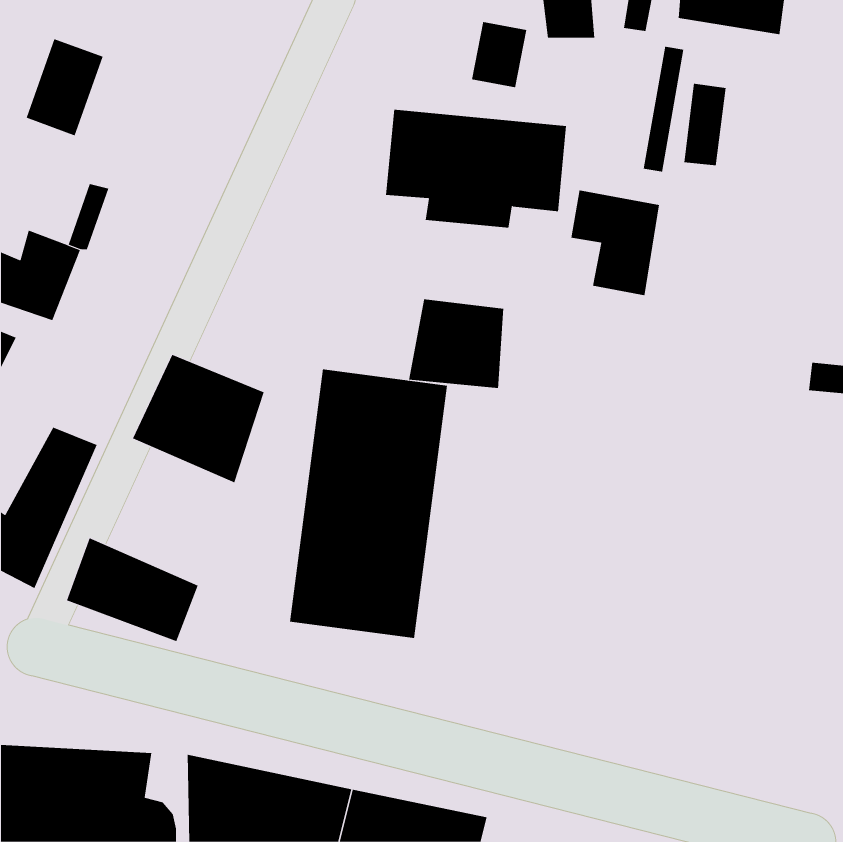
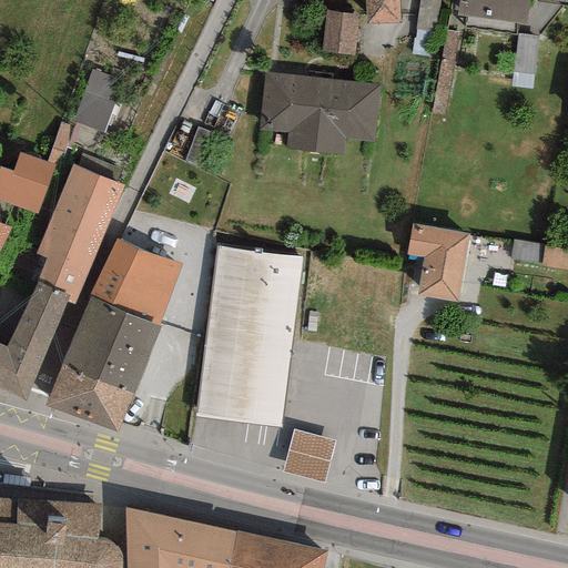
building: [26,38,103,136] -> [72,69,124,134]
building: [683,83,726,166] -> [510,33,539,89]
building: [571,190,660,296] -> [408,227,468,298]
building: none -> [37,166,125,302]
building: [409,298,504,389] -> none
building: none -> [61,294,161,393]
building: none -> [284,430,335,483]

